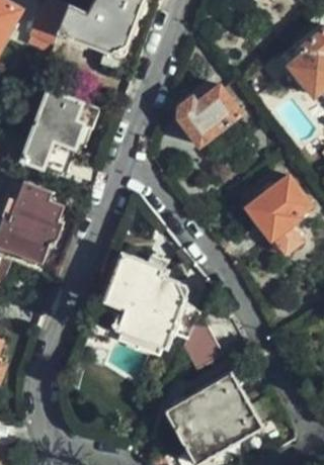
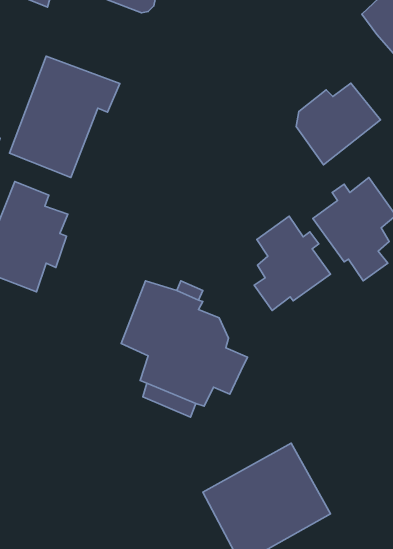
building: [178,86,241,147] -> [296,83,381,165]
building: none -> [254,216,330,311]
building: [180,320,222,370] -> none

